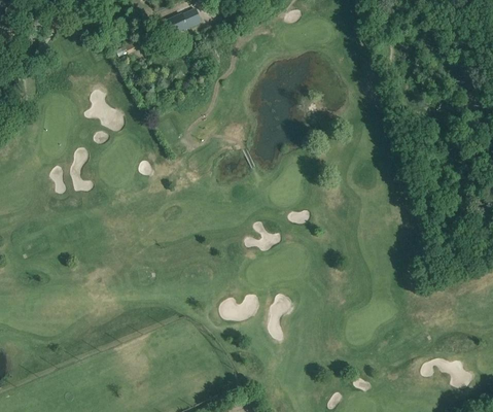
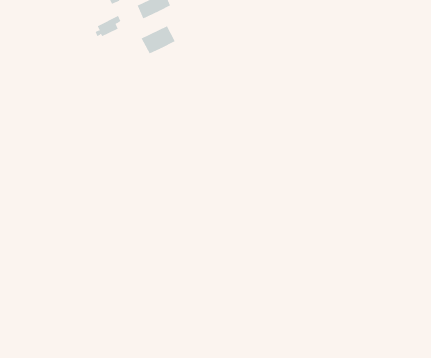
building: none -> [141,25,176,54]

